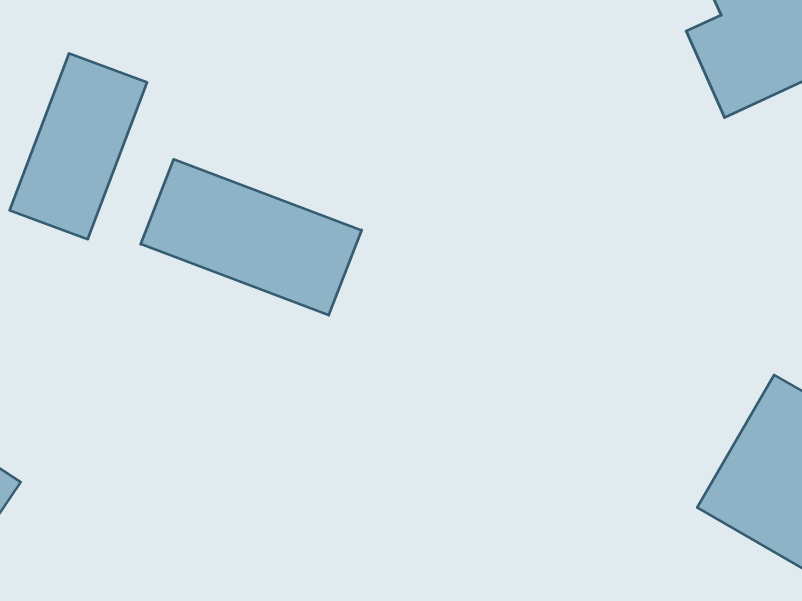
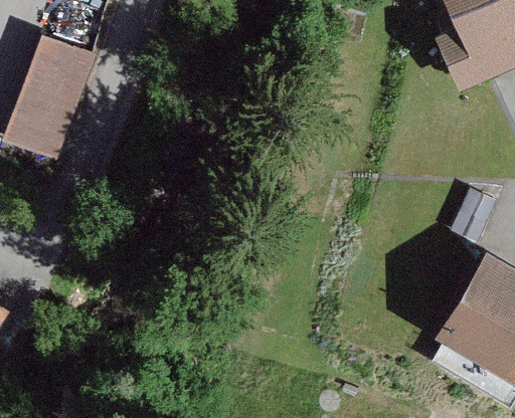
building: [141,159,362,315] -> none

